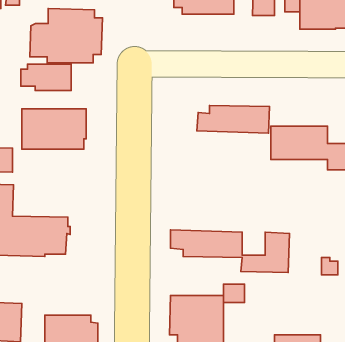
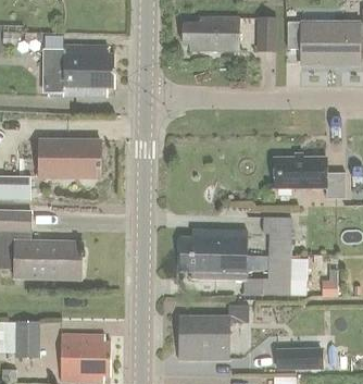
building: [21,64,71,91] -> none
building: [197,105,270,133] -> [178,228,247,255]
building: none -> [262,215,291,256]

